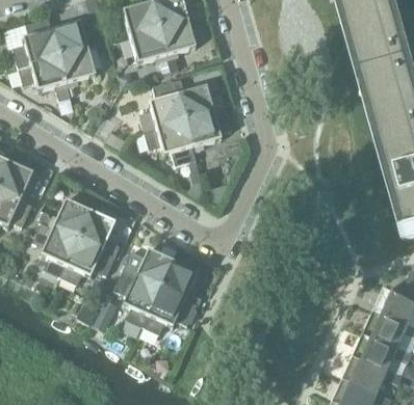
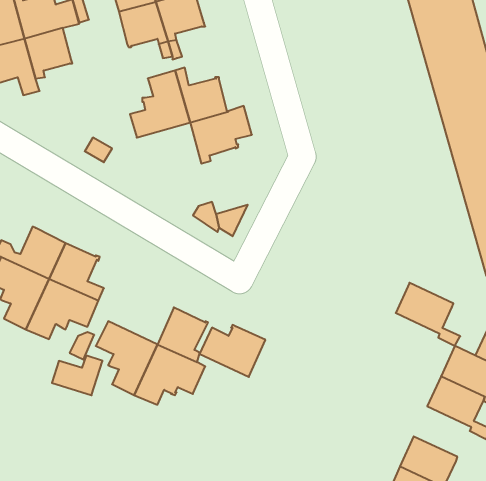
building: [144,122,196,167] -> none
building: [122,250,172,290] -> [200,325,265,377]
building: [354,336,403,384] -> [396,283,460,346]

